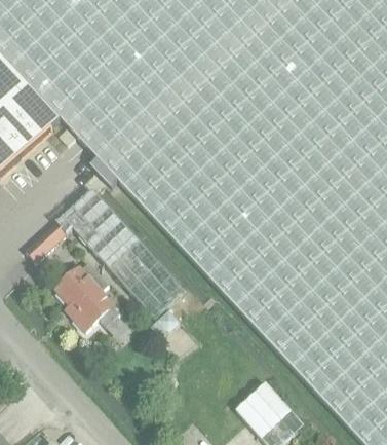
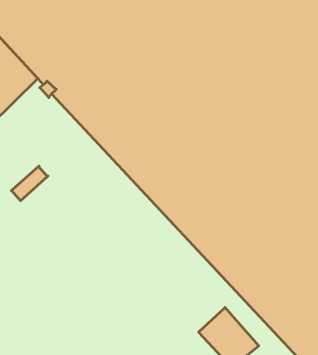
building: [64,187,185,314] -> none
building: [56,260,120,327] -> none

